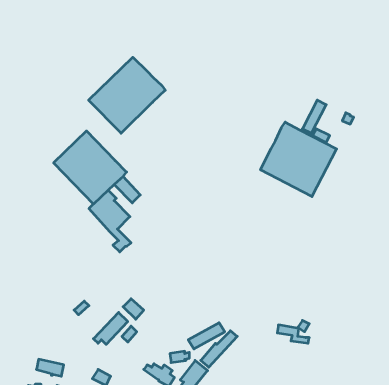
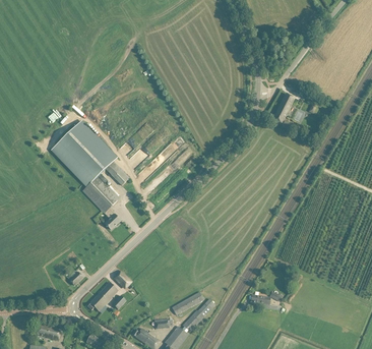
building: [89,57,165,133] -> none
building: [261,122,337,197] -> none

